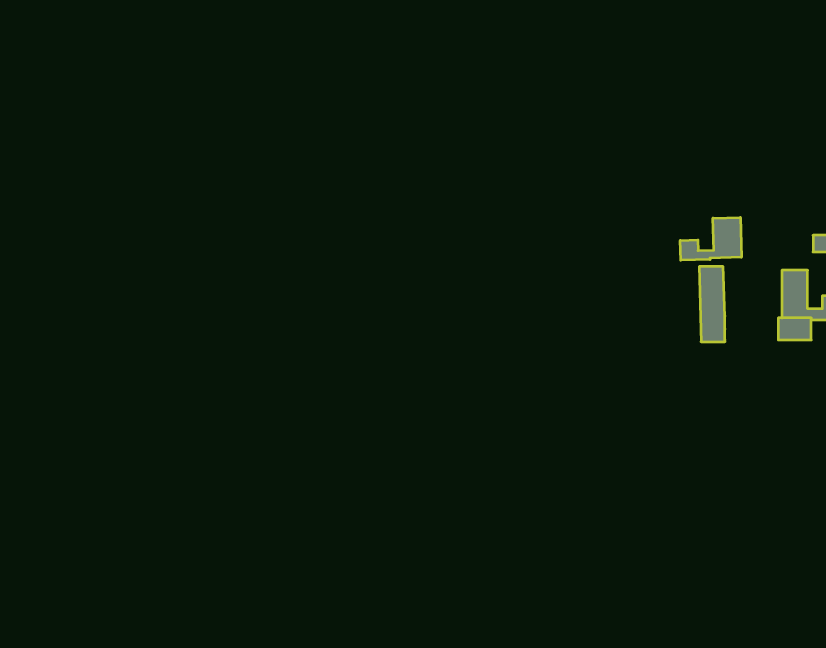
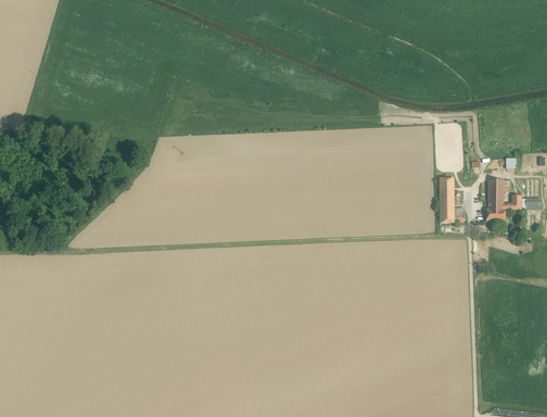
building: [680,217,741,260] -> none

